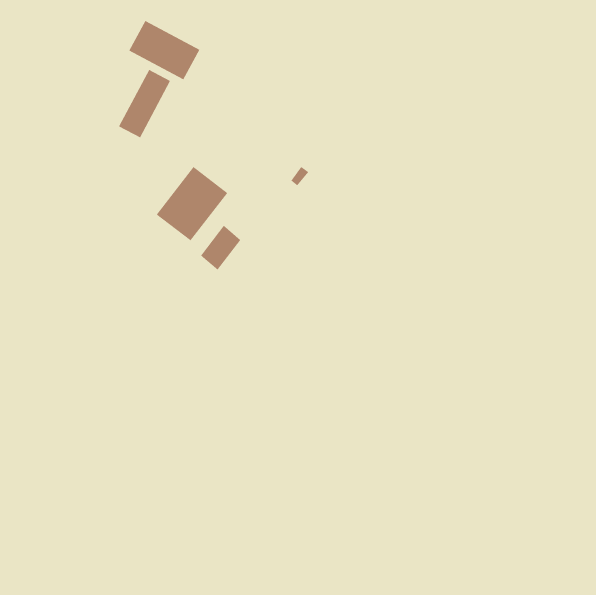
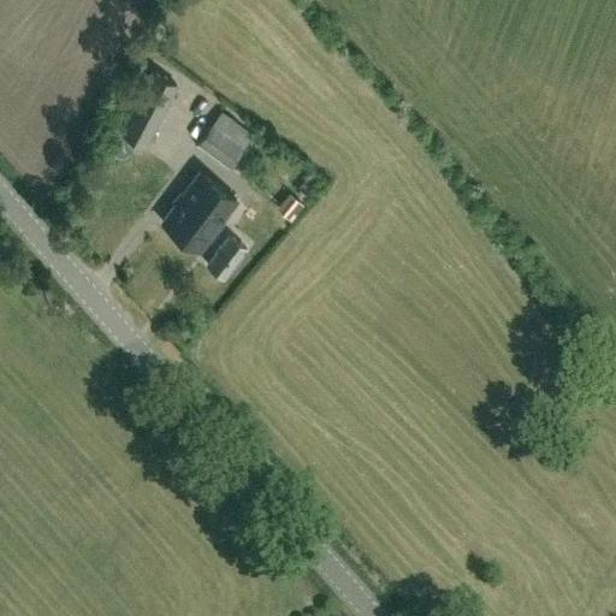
building: [128,20,200,80] -> none
building: none -> [199,112,255,170]

